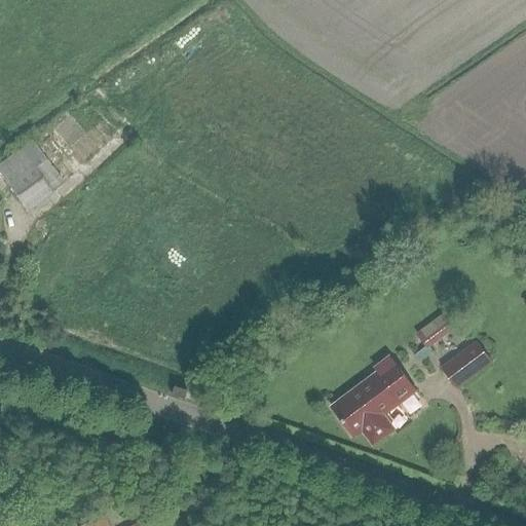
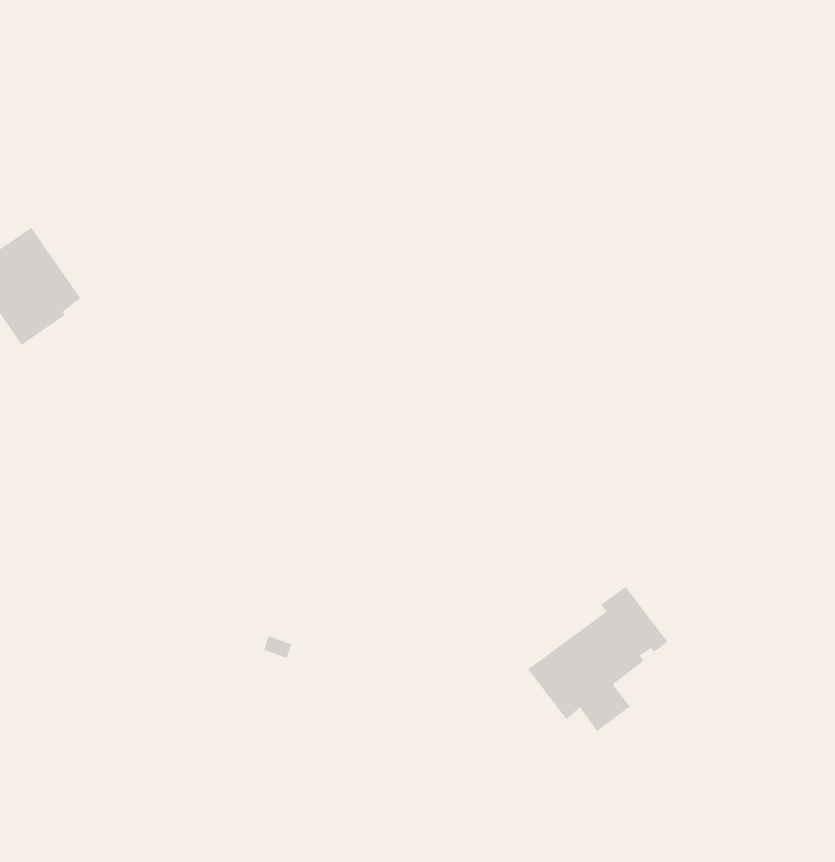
building: [416,311,456,347] -> none
building: [441,341,491,387] -> none

